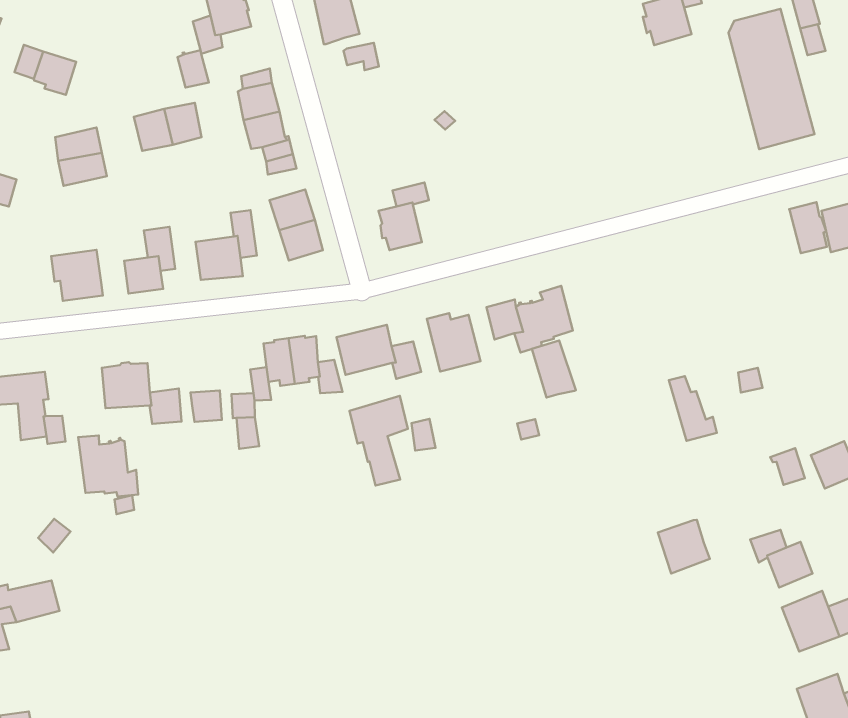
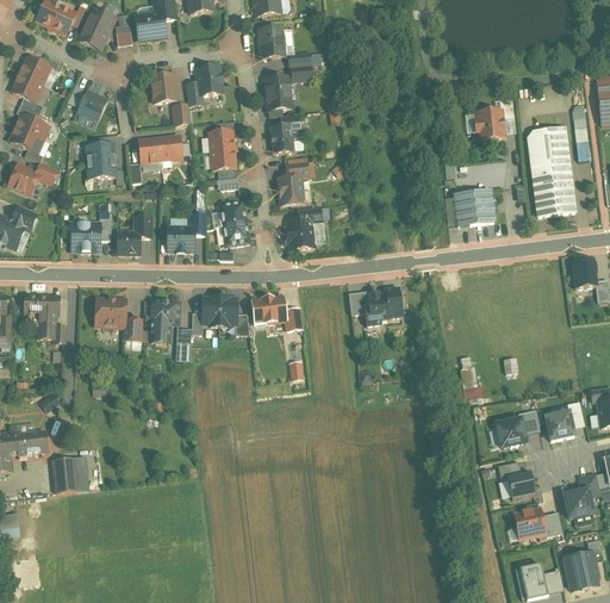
building: none -> [151,74,178,102]
building: none -> [270,124,294,153]
building: none -> [278,161,309,204]
building: none -> [454,189,496,225]
building: [789,202,827,253] -> none
building: [427,313,480,371] -> none
building: [532,340,576,398] -> none
building: none -> [151,300,180,323]
building: [349,396,408,485] -> none
building: [78,435,138,496] -> none
building: [658,520,710,573] -> [496,418,527,450]
building: none -> [52,456,77,492]

